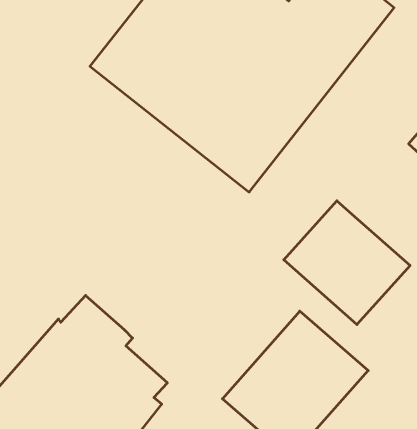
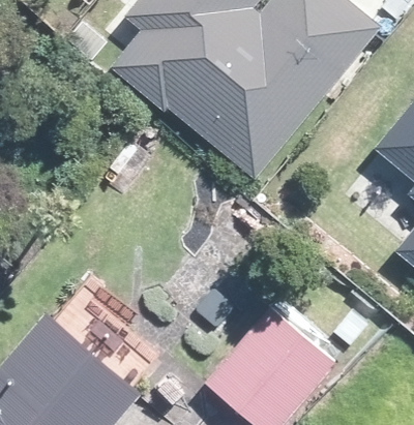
building: [284,201,410,325] -> none

